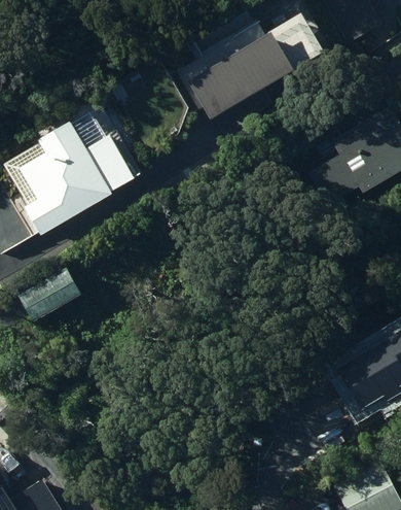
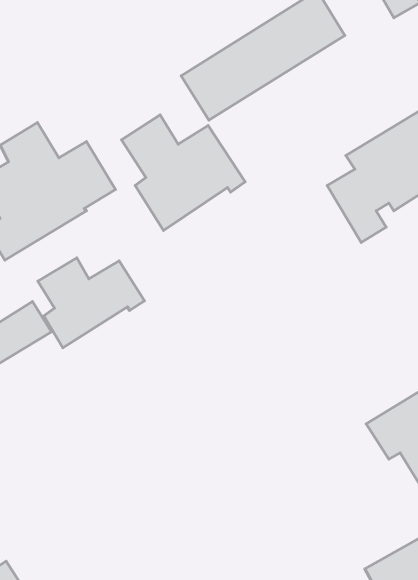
building: none -> [121,115,245,231]
building: none -> [38,258,144,348]

